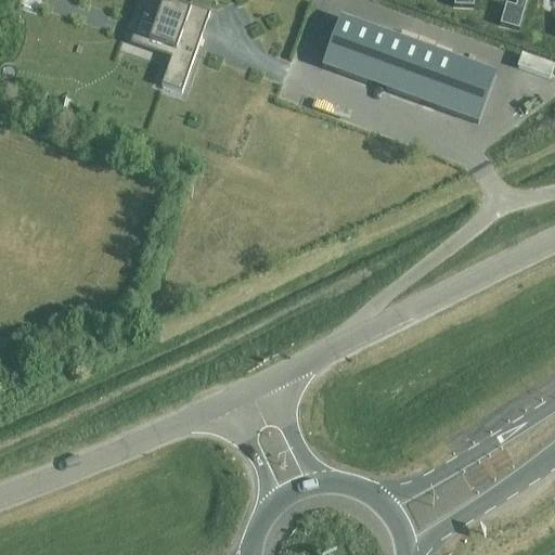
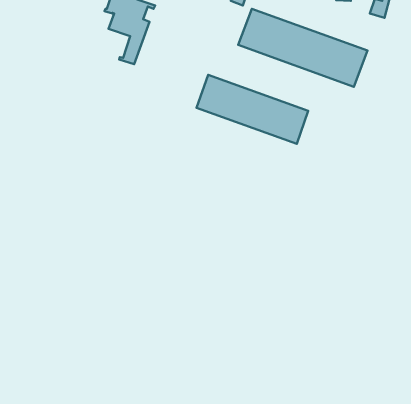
building: none -> [197,75,308,144]

